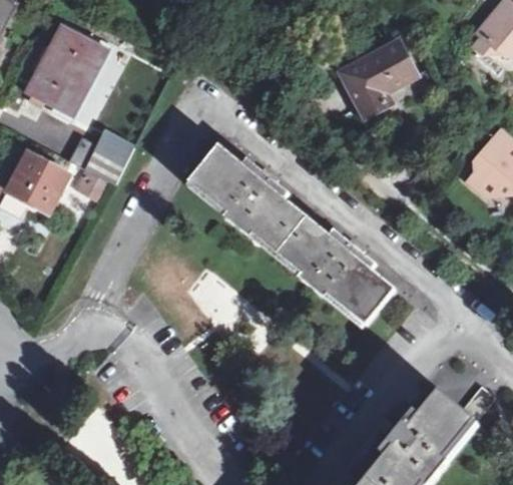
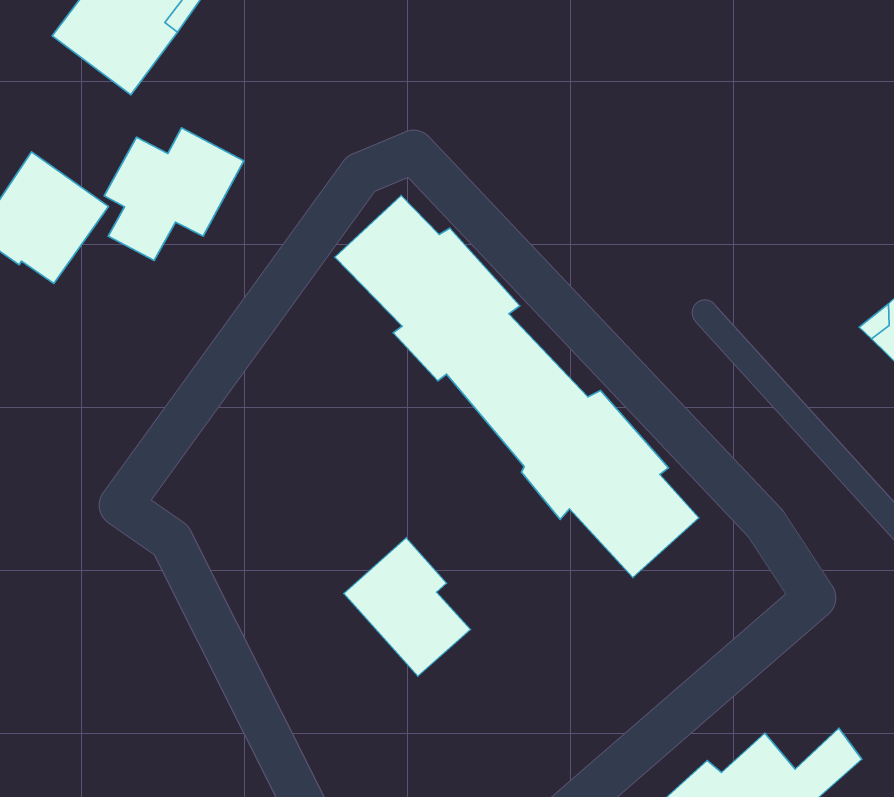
building: [339,47,410,119] -> none
building: none -> [344,538,470,676]

